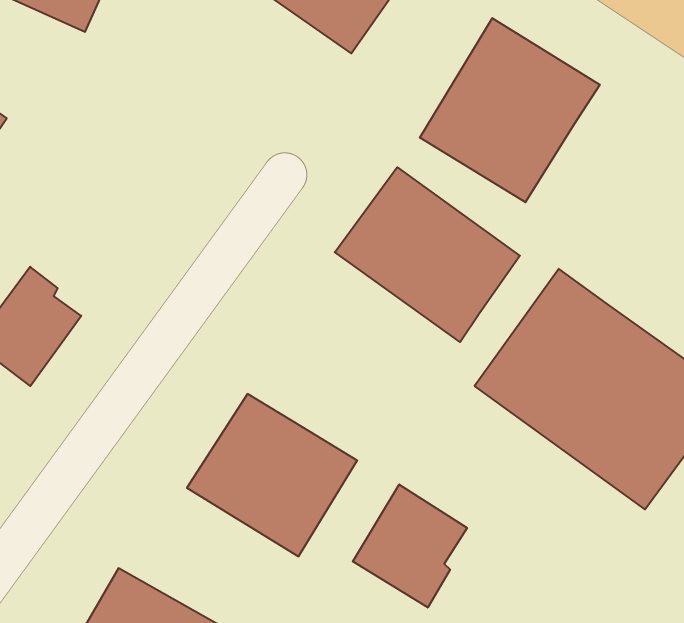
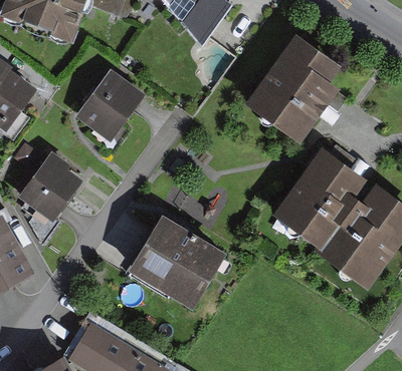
building: none -> [81,75,138,133]
building: [335,167,520,342] -> none
building: [353,484,467,608] -> none

